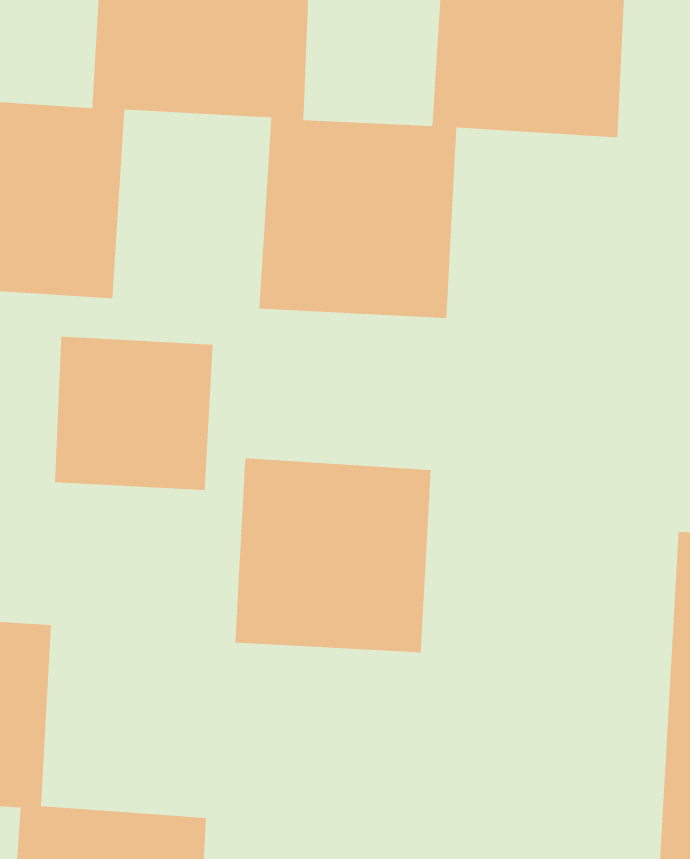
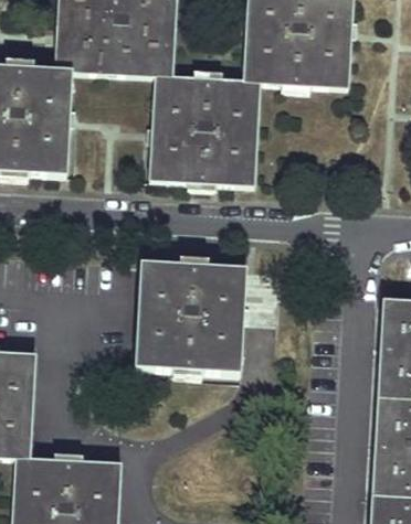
building: [54,336,213,491] -> none

